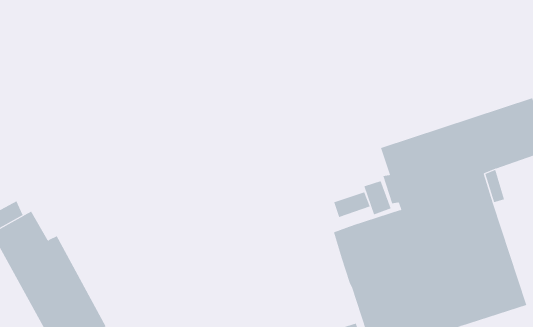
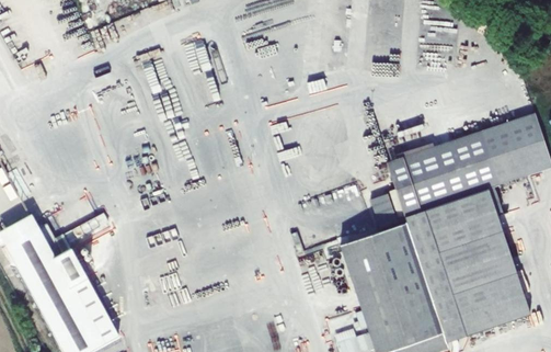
building: [333,192,371,218] -> none

